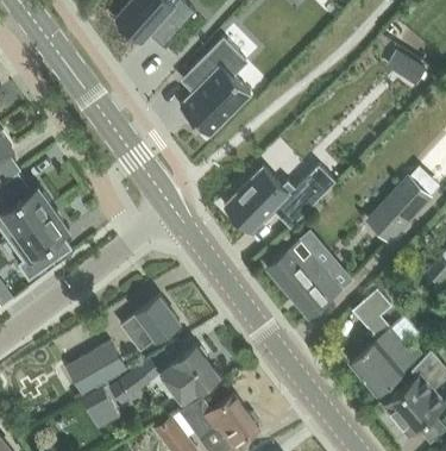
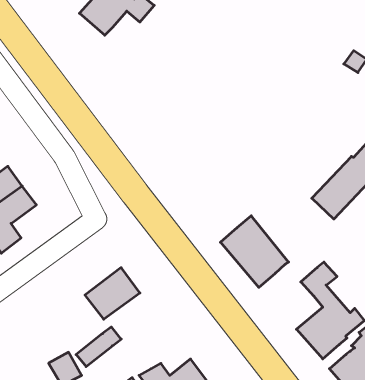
building: [180,40,250,137] -> none
building: [222,165,334,233] -> none
building: [67,343,126,395] -> none
building: [159,345,219,402] -> none

